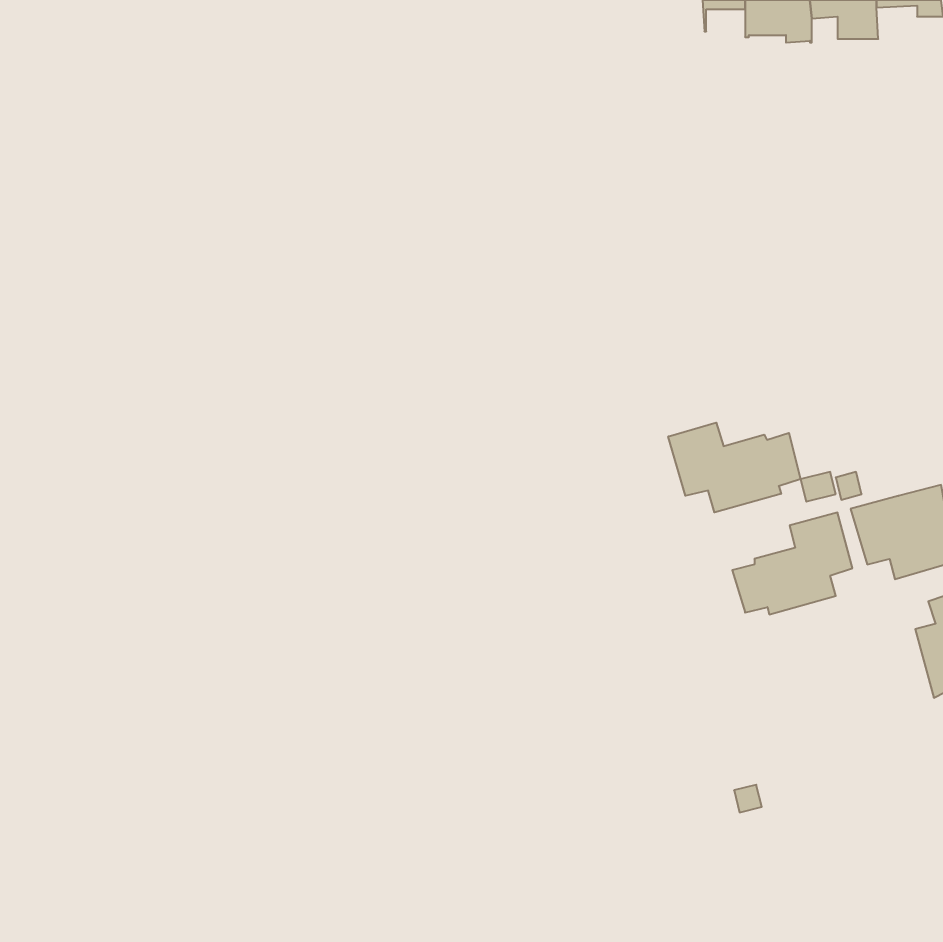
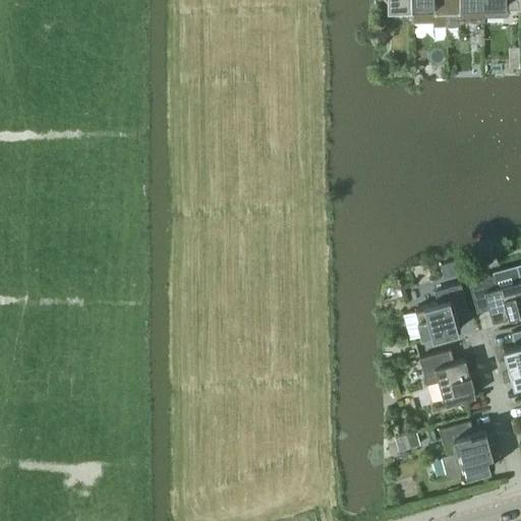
building: [668,423,801,512] -> none
building: none -> [420,350,476,404]
building: none -> [440,420,496,479]

